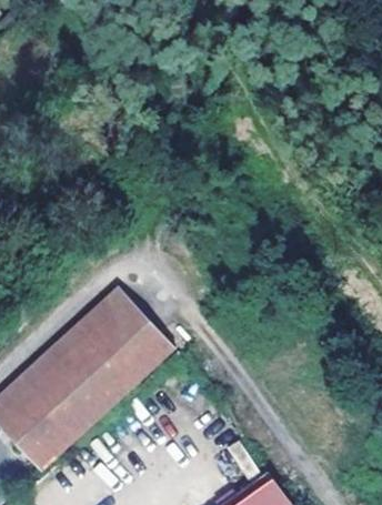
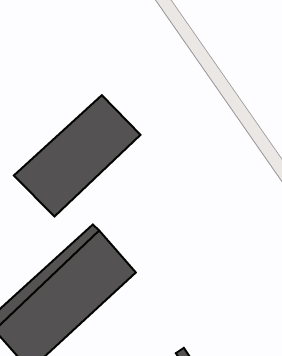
building: none -> [14,95,141,216]

